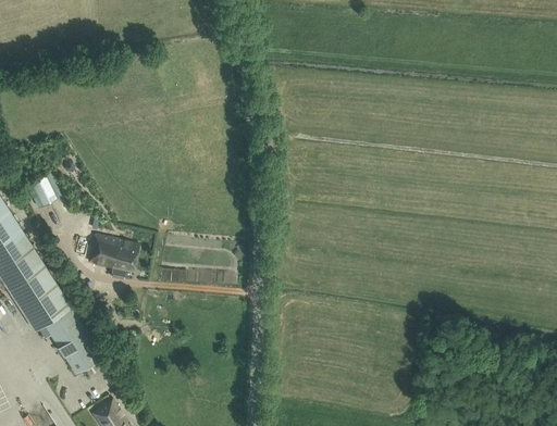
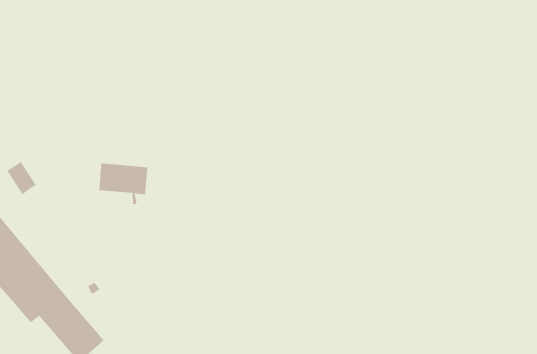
building: [87,234,137,277] -> [98,163,148,205]

